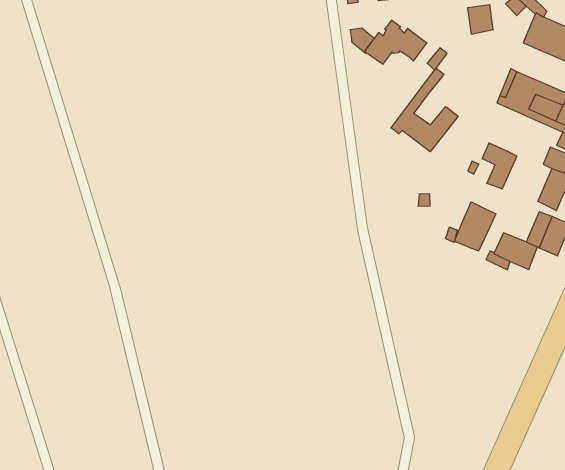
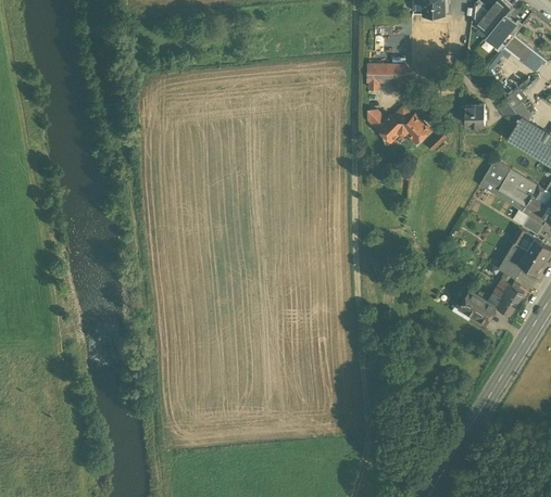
building: [391,68,458,152] -> none
building: [482,143,517,189] -> none
building: [455,202,496,251] -> none

